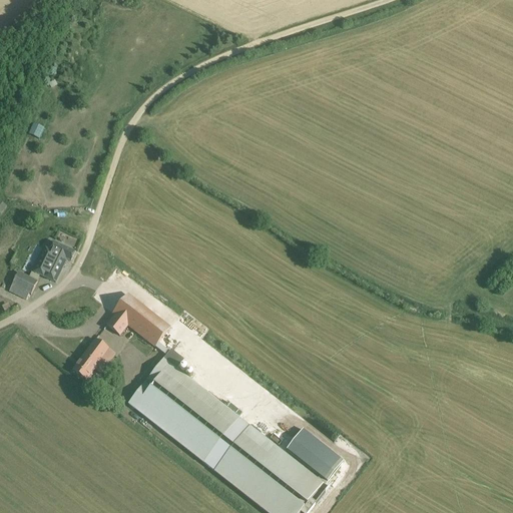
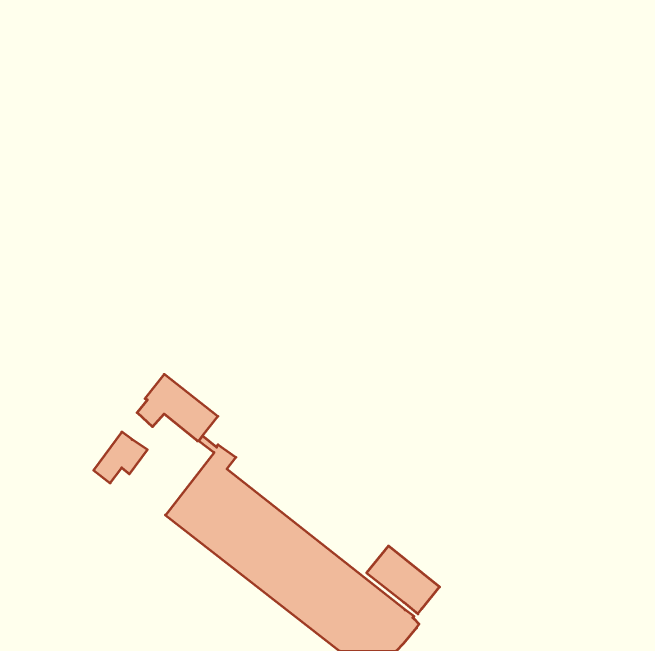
building: [32,239,75,281] -> none
building: [9,270,37,298] -> none

